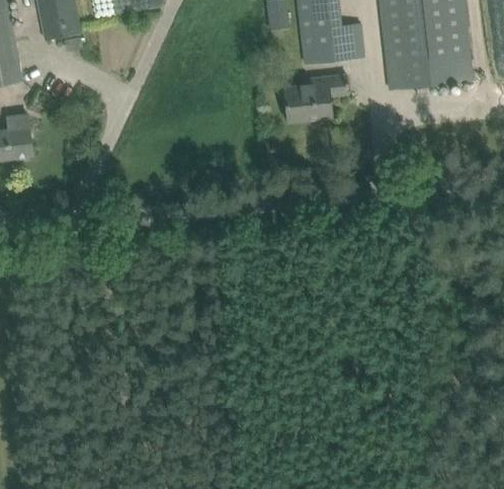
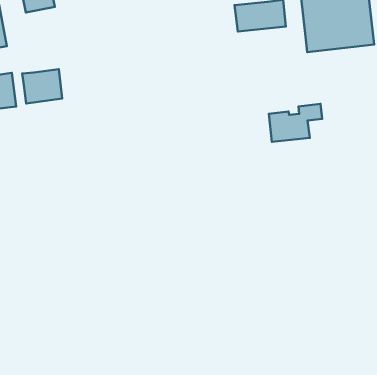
building: [282,75,348,121] -> [269,104,322,142]
building: none -> [22,69,62,103]

